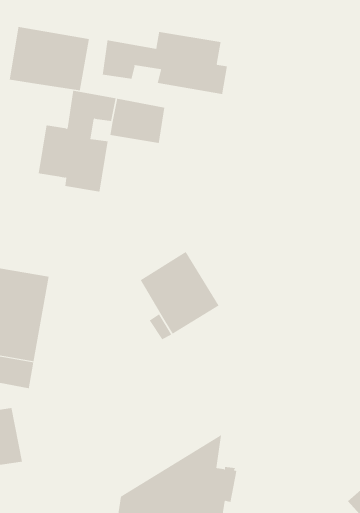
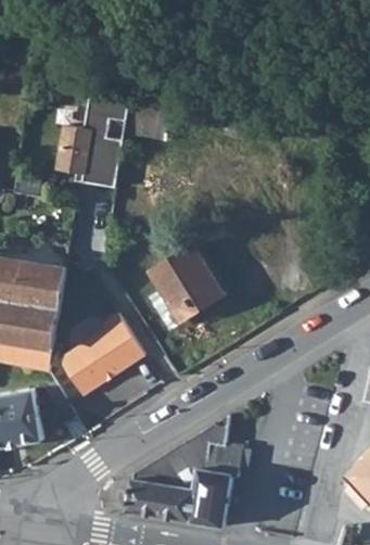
building: [9,26,90,91] -> none
building: [102,31,228,95] -> none
building: none -> [63,315,144,395]

